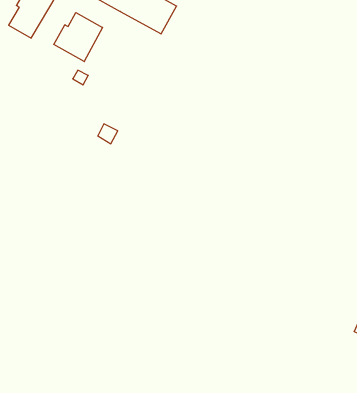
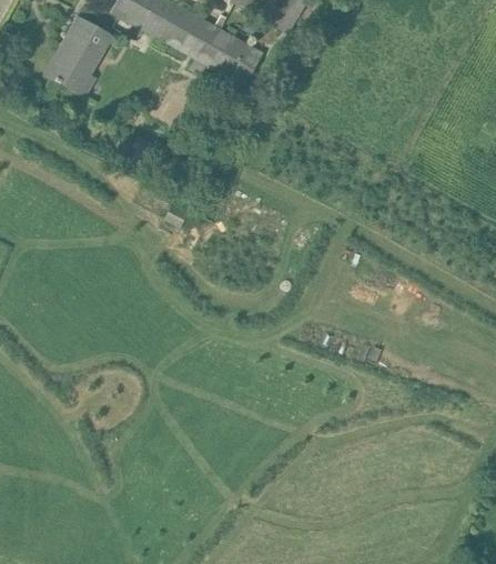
building: [54,13,103,62] -> none

